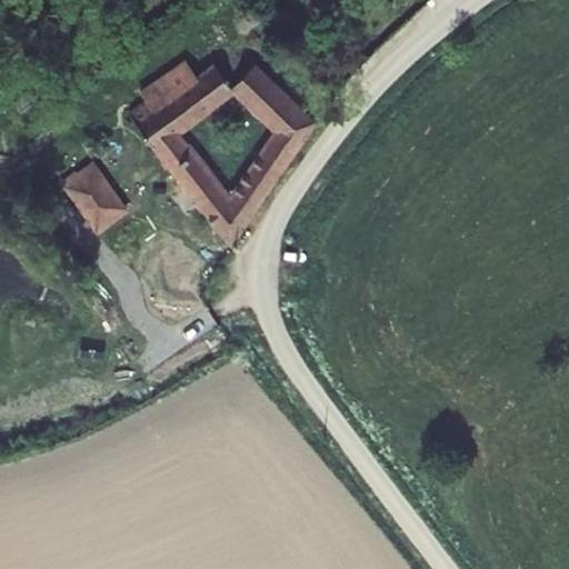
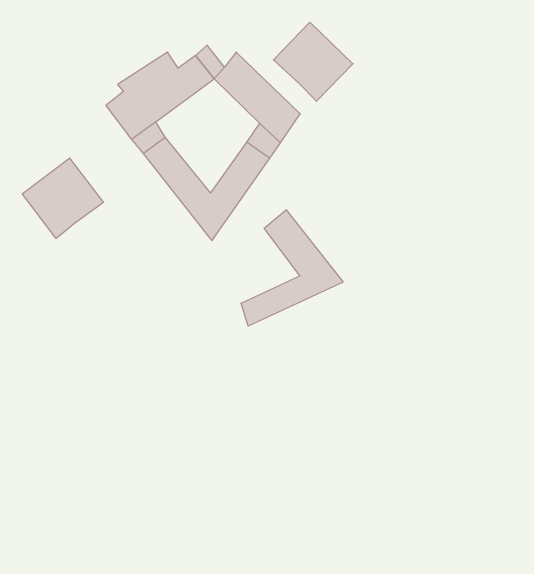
building: none -> [273,22,353,101]
building: none -> [241,210,343,326]

